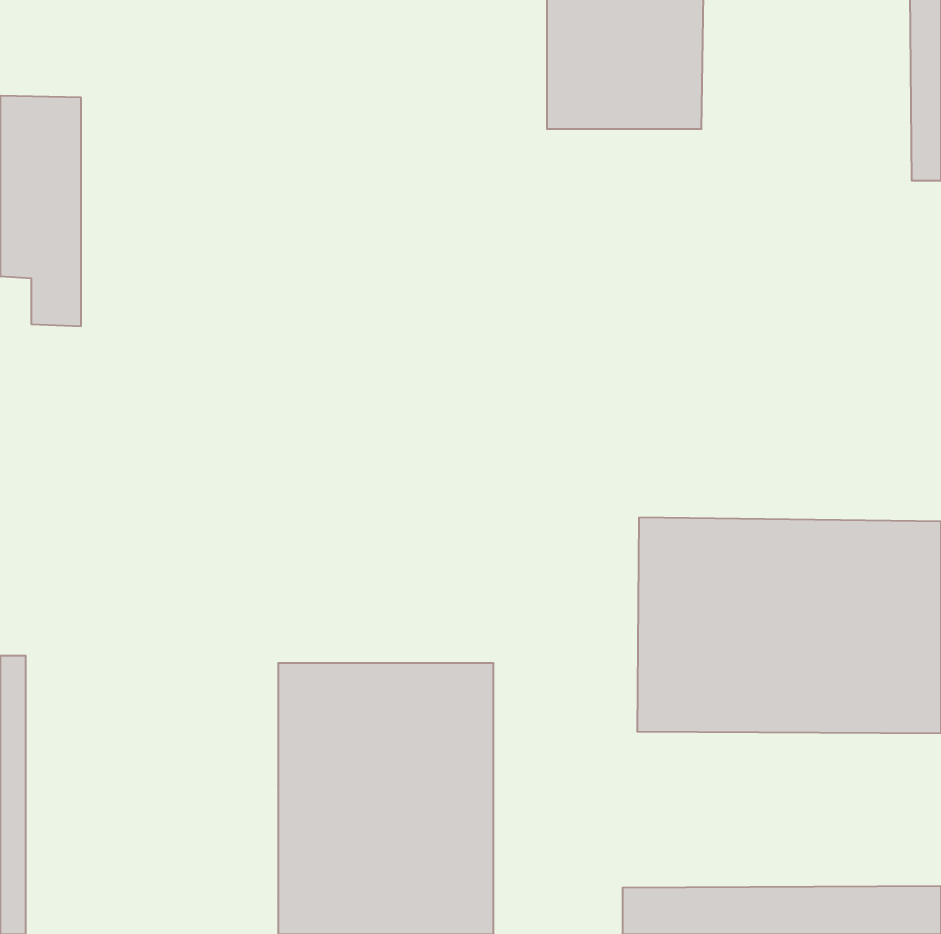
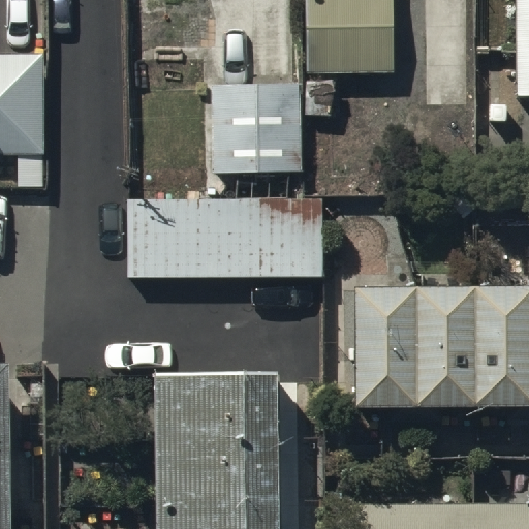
building: none -> [213,79,302,167]
building: none -> [127,196,324,280]

